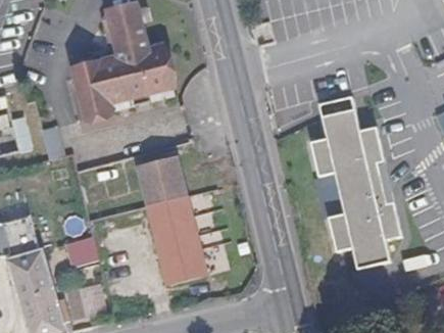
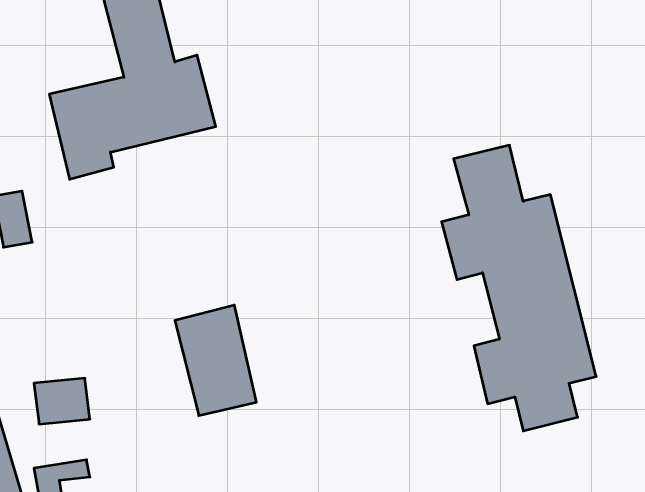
building: [140,158,185,203] -> none
building: [163,252,204,284] -> none

